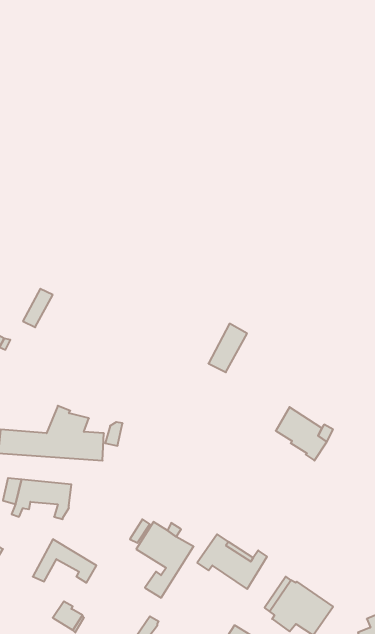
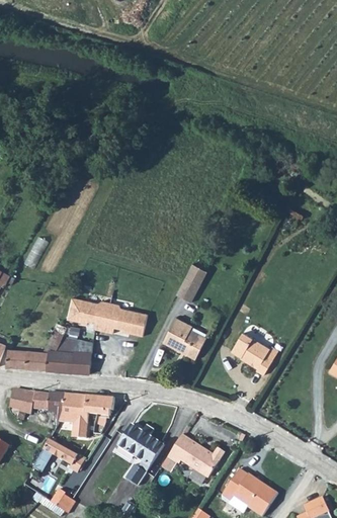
building: none -> [67,297,148,336]
building: none -> [162,318,206,360]
building: none -> [58,394,114,438]

